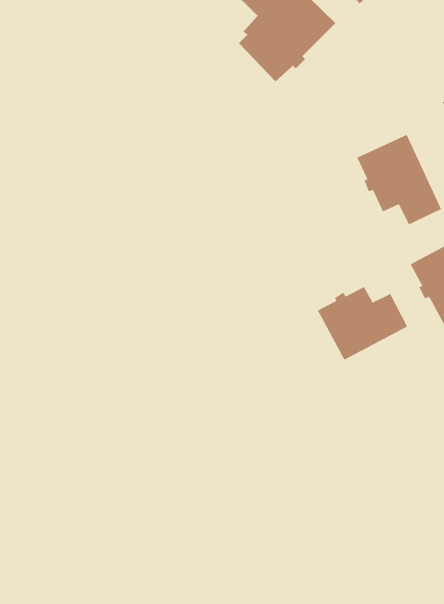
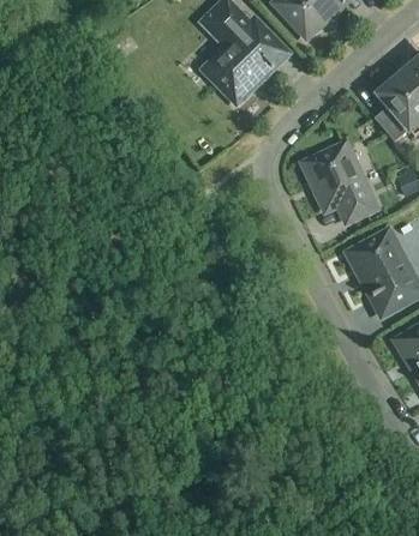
building: [317,286,408,361] -> none

